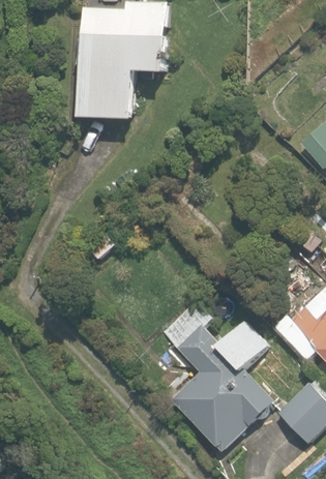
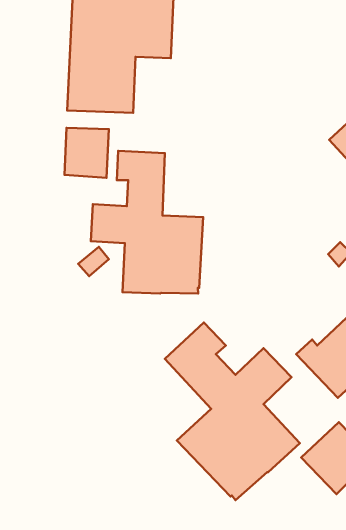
building: none -> [64,128,109,178]
building: none -> [91,151,203,294]

